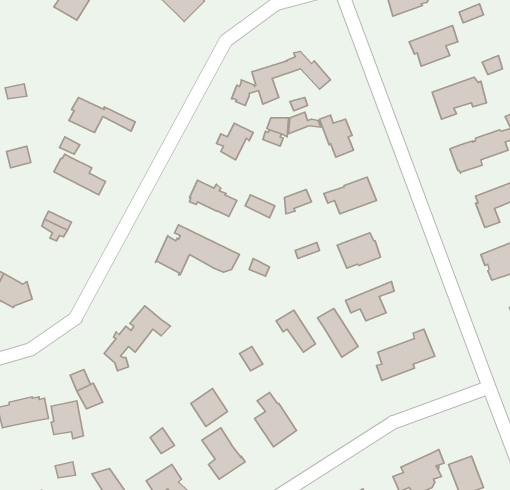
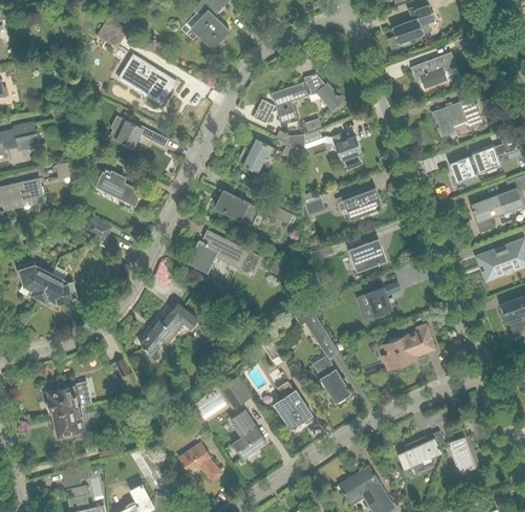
building: none -> [118,54,176,105]
building: [317,308,358,357] -> [314,359,350,402]
building: [51,401,84,439] -> [54,406,83,440]

